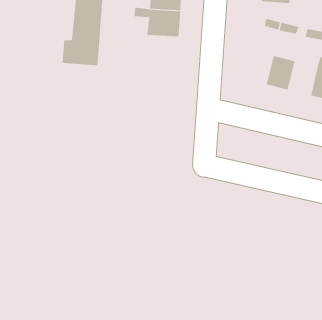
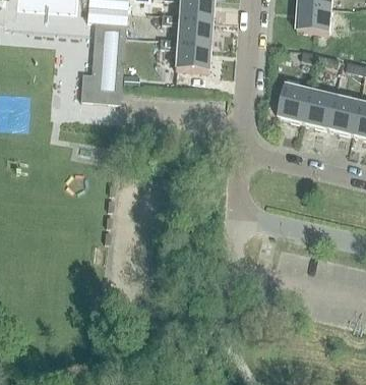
building: none -> [278,86,310,123]
building: none -> [326,98,358,135]

